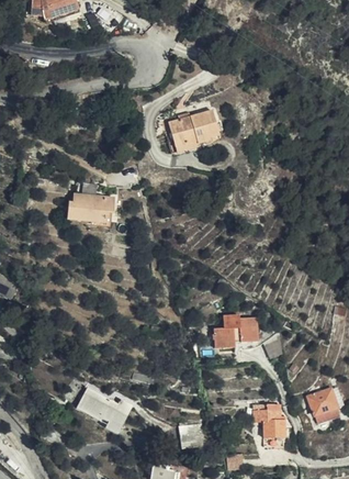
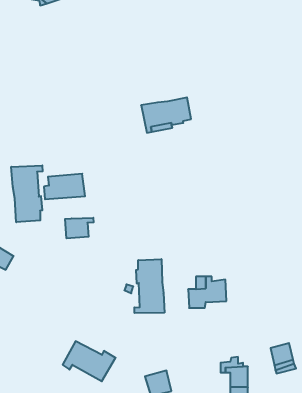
building: none -> [11,165,43,222]
building: none -> [65,218,94,238]
building: none -> [134,259,164,313]

